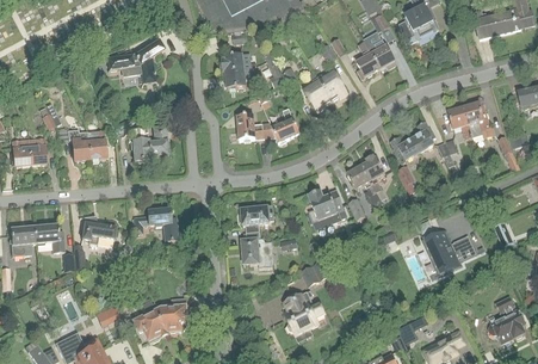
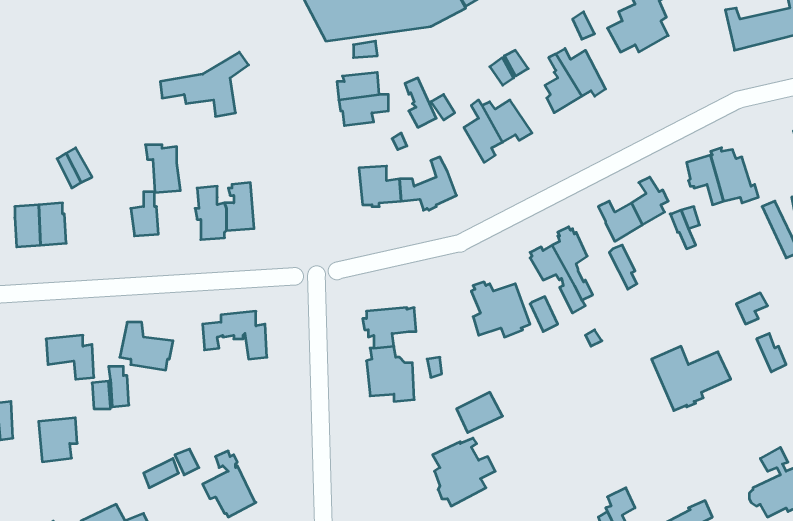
building: [68,129,91,160] -> [145,145,180,192]
building: [10,226,35,254] -> [39,418,77,462]
building: [156,297,187,331] -> none

